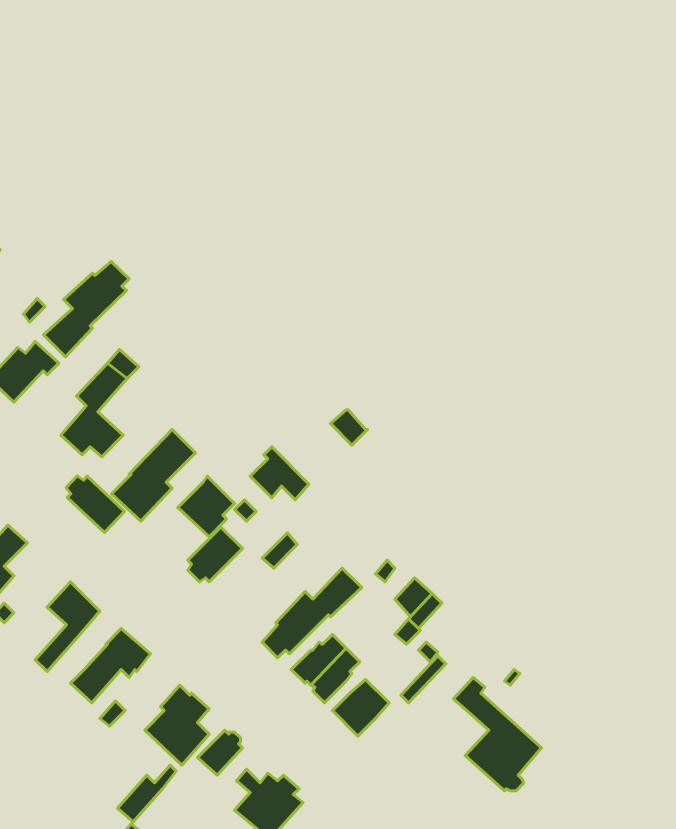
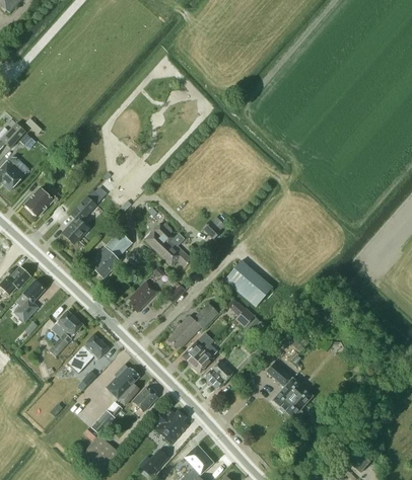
building: [43,261,129,357] -> none
building: [66,476,125,533] -> none
building: [178,476,234,537] -> [144,224,174,255]
building: none -> [224,258,274,306]

